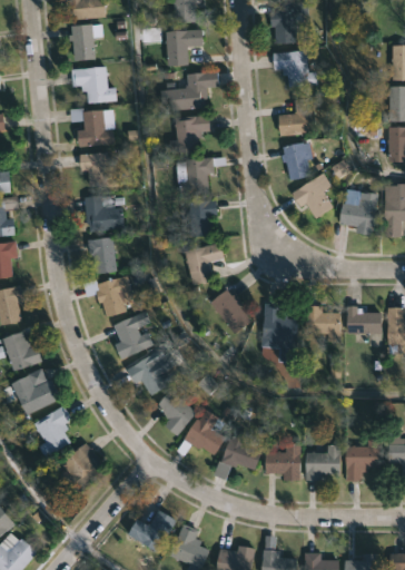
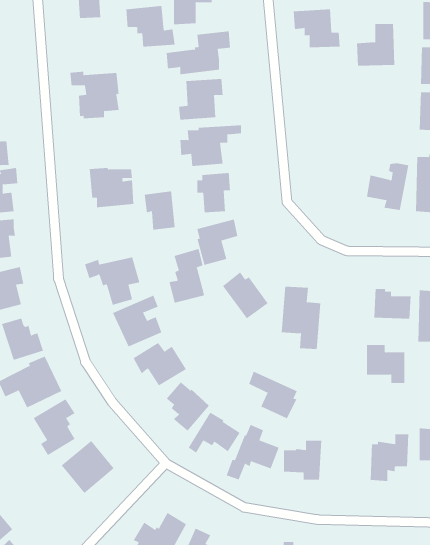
building: [71,66,117,104] -> [126,6,176,47]
building: [278,97,314,136] -> [356,24,395,66]
building: [279,144,310,180] -> none
building: [82,153,121,189] -> none
building: [292,174,334,219] -> none
building: [87,237,116,273] -> [144,191,176,230]
building: none -> [169,248,205,304]
building: [305,306,340,342] -> [366,345,405,384]
building: none -> [249,371,297,419]
building: [302,445,338,482] -> none

